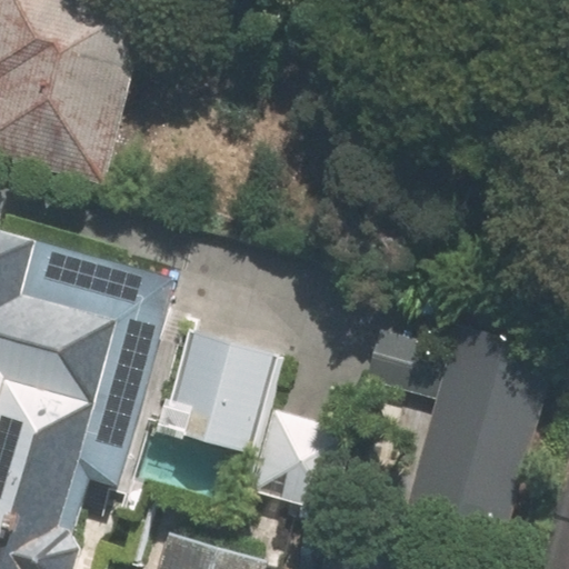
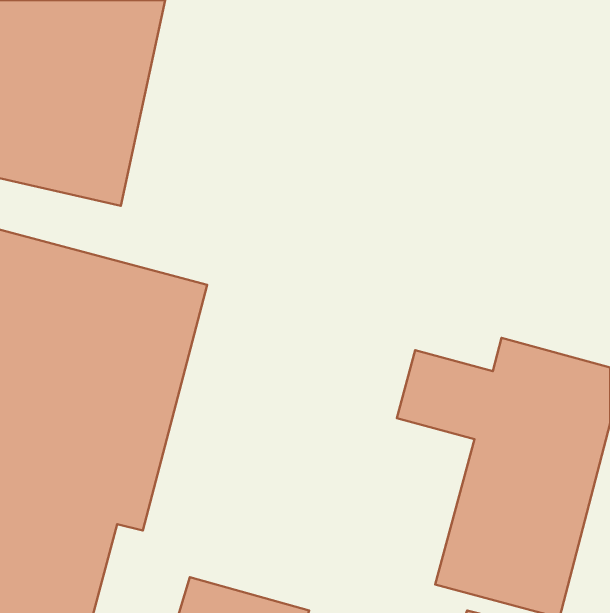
building: [166,329,338,523] -> none

